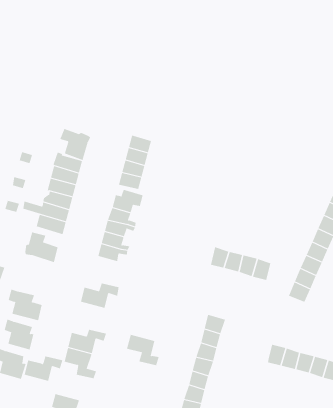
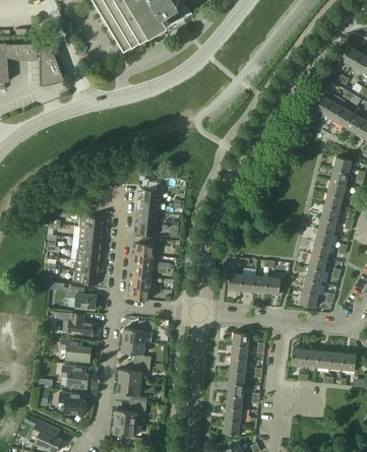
building: [59,128,91,161] -> none
building: none -> [55,312,95,336]
building: [126,334,159,366] -> [122,340,151,364]
building: [24,356,63,381] -> [115,403,146,425]

